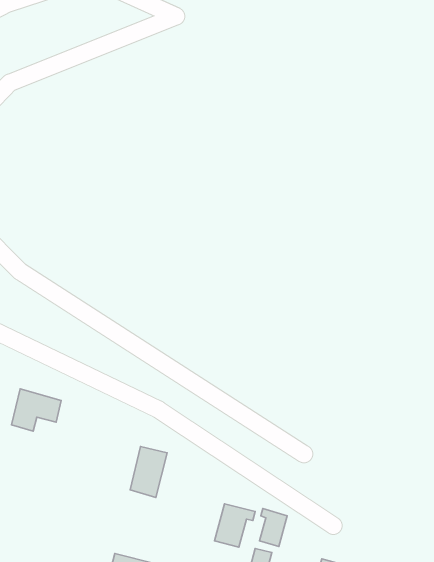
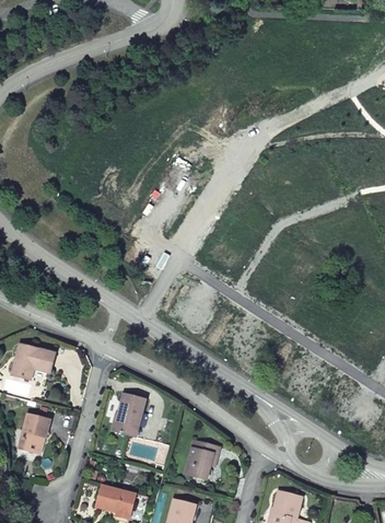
building: none -> [19,415,50,453]
building: [259,509,287,546] -> none

